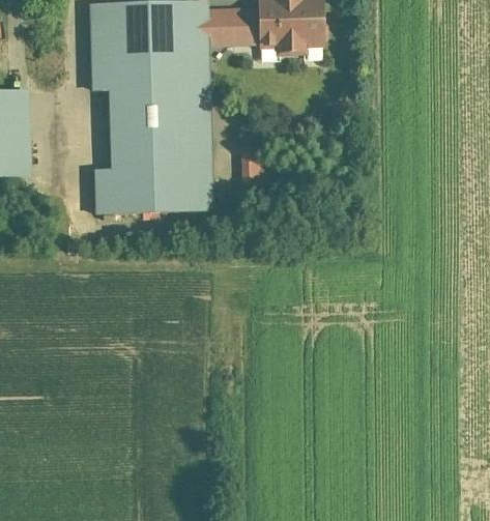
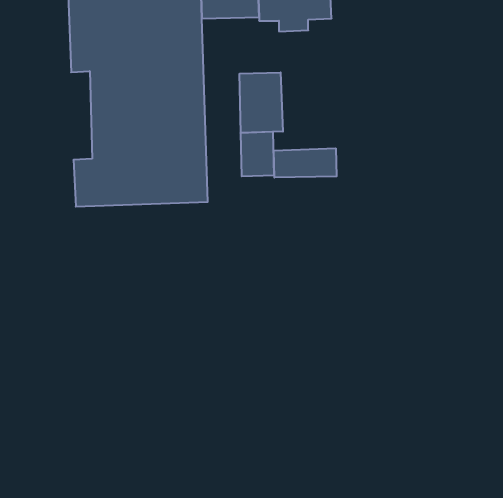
building: none -> [240,72,283,133]
building: none -> [274,148,337,178]

